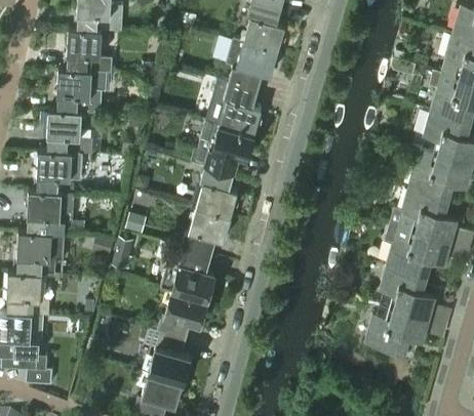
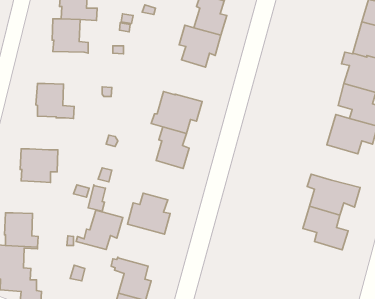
building: [55,71,106,115] -> none
building: [220,82,261,134] -> none
building: [36,153,82,195] -> none
building: [390,189,458,242] -> none
building: [180,208,230,257] -> none
building: [15,233,64,276] -> none
building: [148,291,206,340] -> [76,210,123,250]
building: [365,309,429,356] -> none

